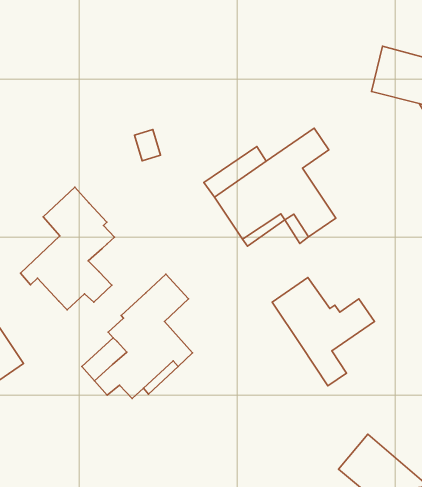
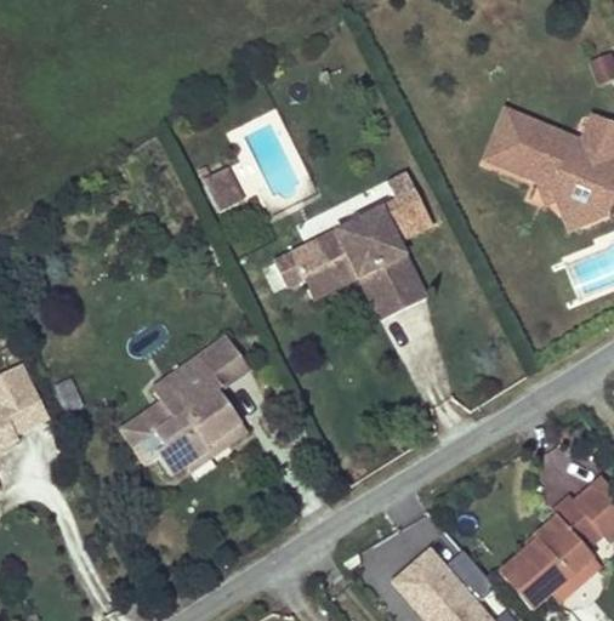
building: [20,187,114,310] -> none
building: [272,277,374,386] -> none

